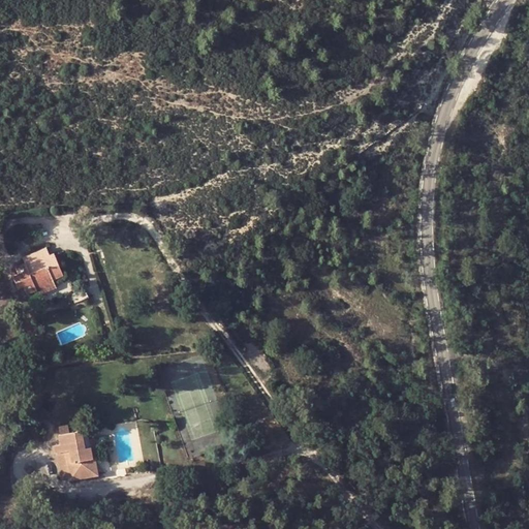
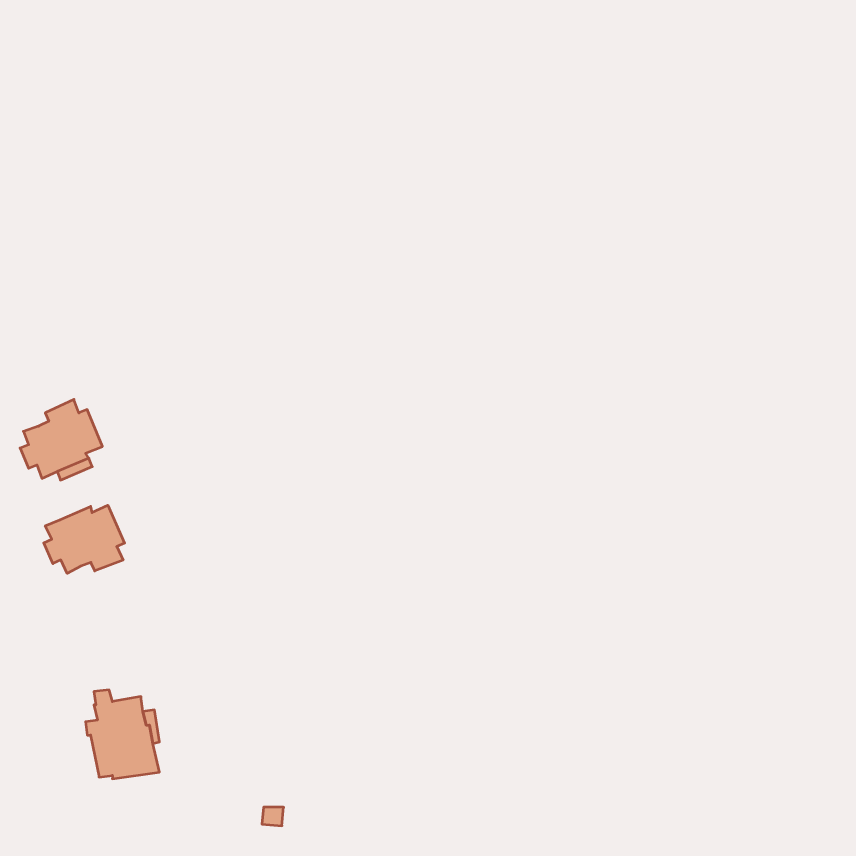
building: none -> [44,505,125,573]

